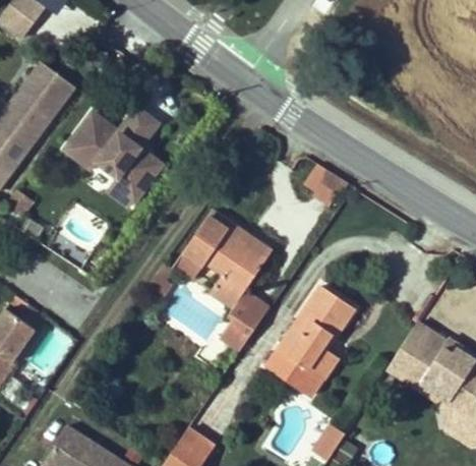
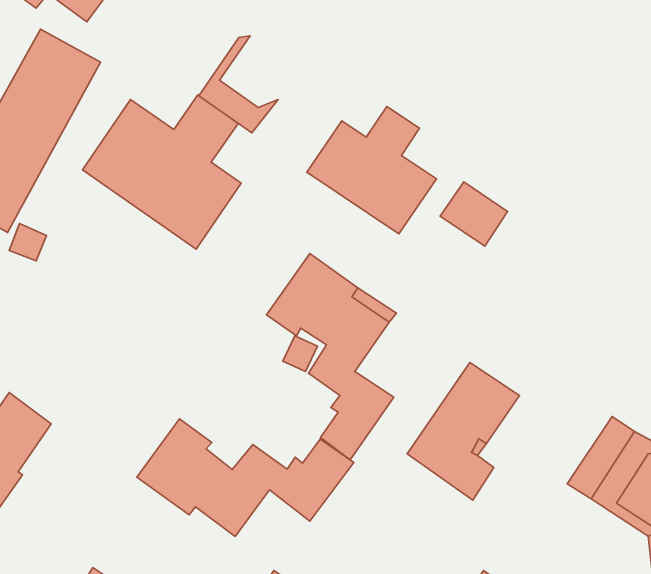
building: none -> [199,36,278,133]
building: none -> [307,106,436,234]
building: none -> [137,419,354,537]
building: [266,347,323,396] -> none

